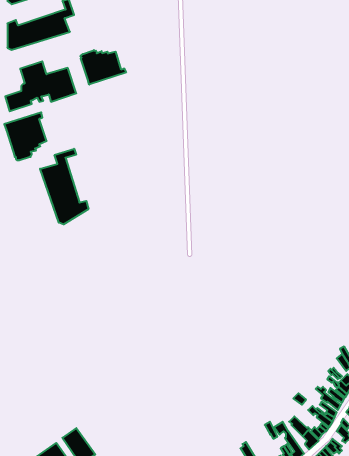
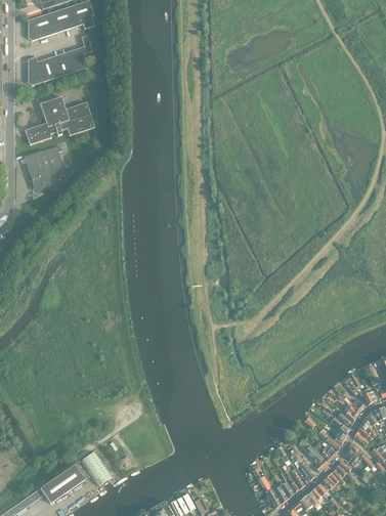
building: [81,50,126,85] -> none
building: [40,149,88,224] -> none

